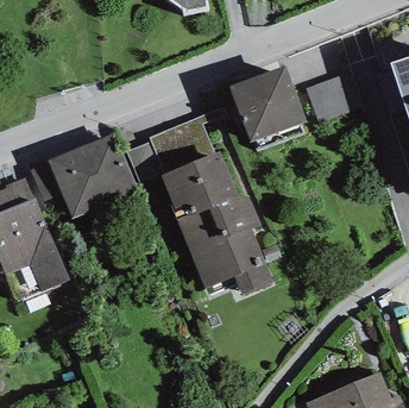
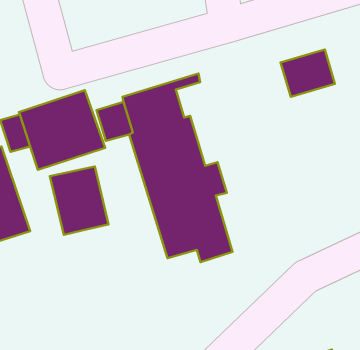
building: [227,63,304,149] -> none
building: none -> [50,166,108,235]

